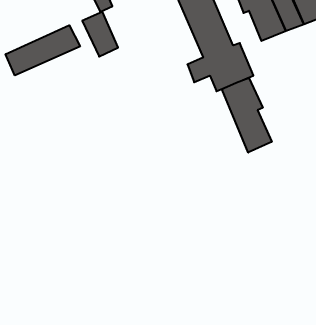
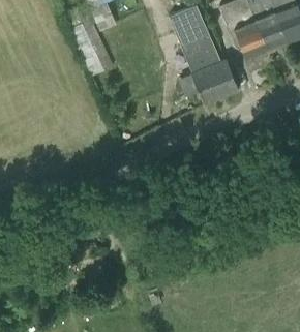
building: [6,25,80,75] -> none
building: [222,78,272,153] -> none

